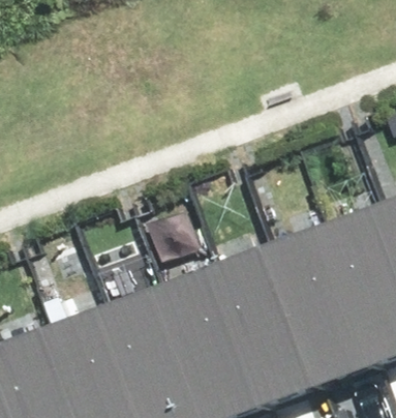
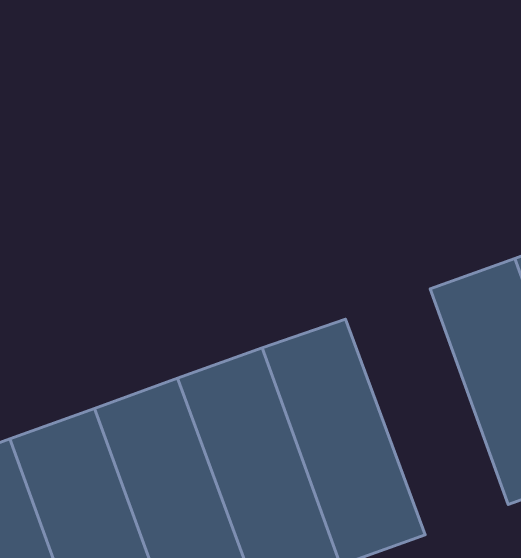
building: [255,226,361,385] -> none

